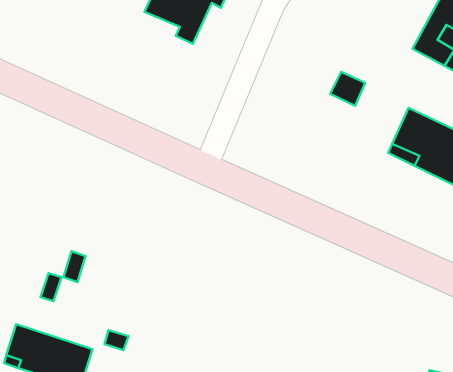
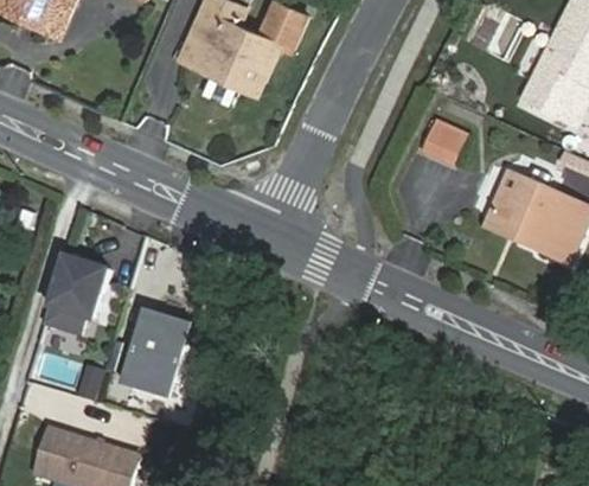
building: none -> [44,256,109,334]
building: none -> [124,309,193,399]

